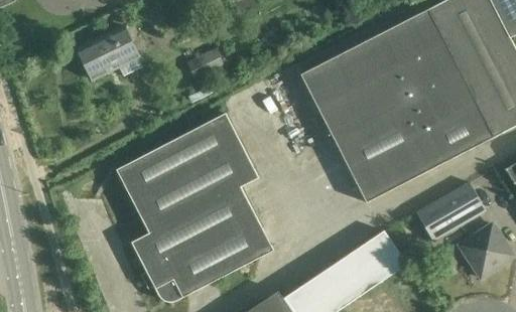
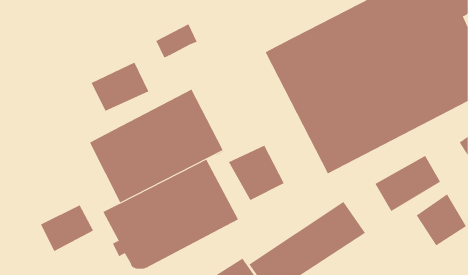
building: [77,27,138,80] -> [91,62,149,112]
building: none -> [228,145,284,201]
building: none -> [40,204,94,252]

